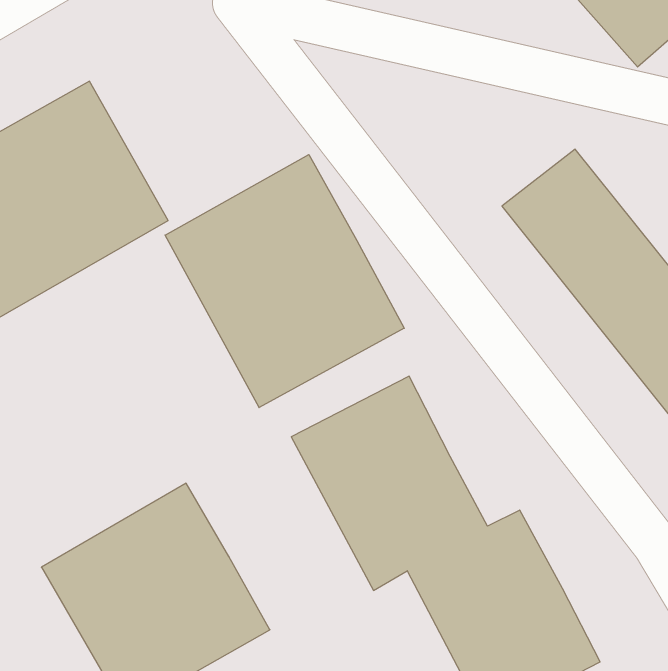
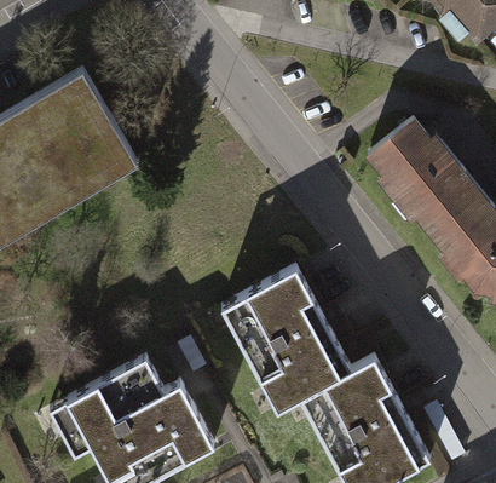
building: [165,155,404,408] -> none

